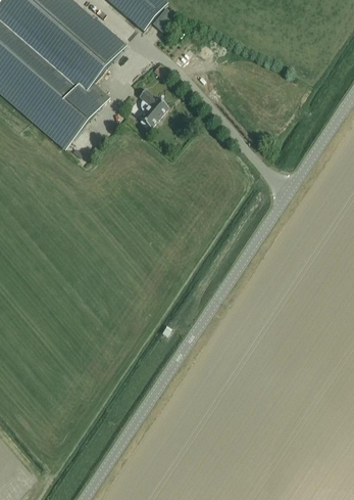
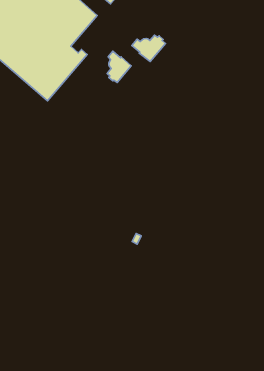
building: none -> [132,35,165,62]

